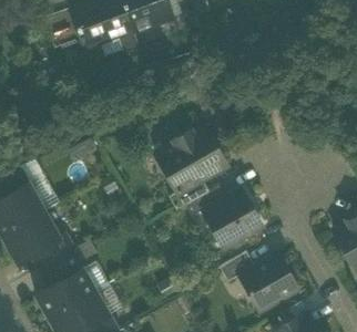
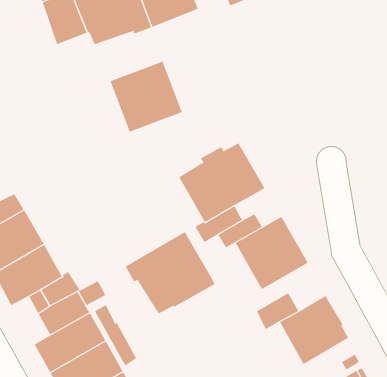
building: none -> [110,61,182,132]
building: none -> [125,231,215,314]

